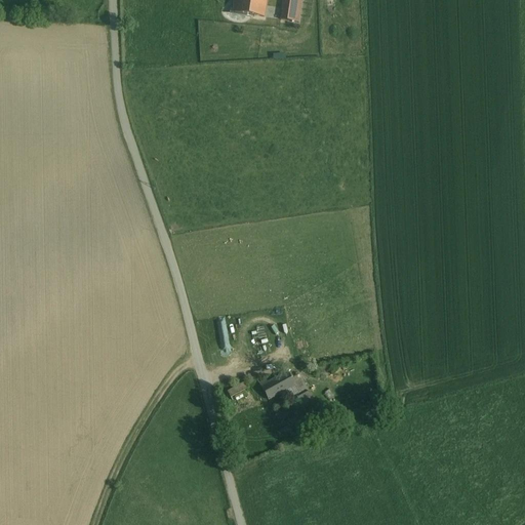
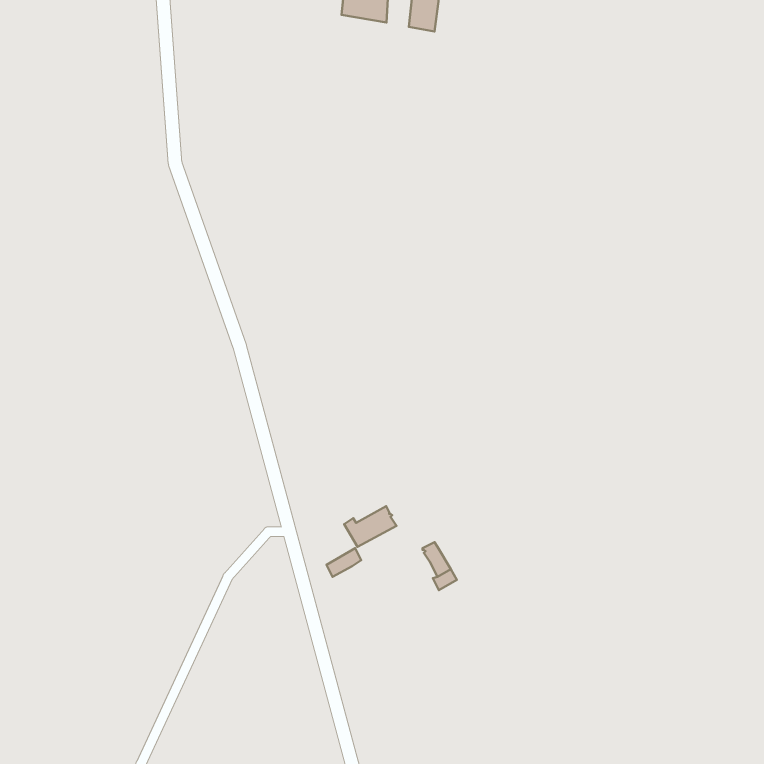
building: [258,371,294,399] -> [344,506,397,547]

